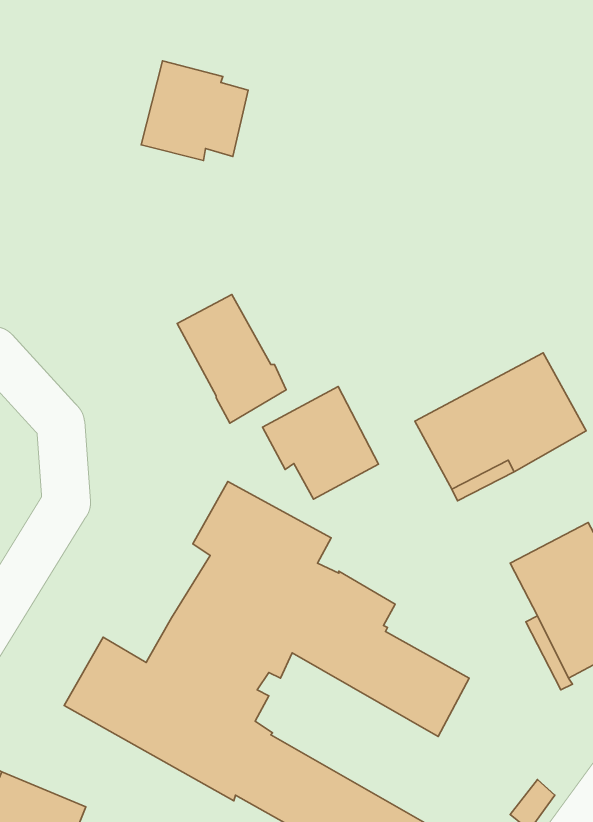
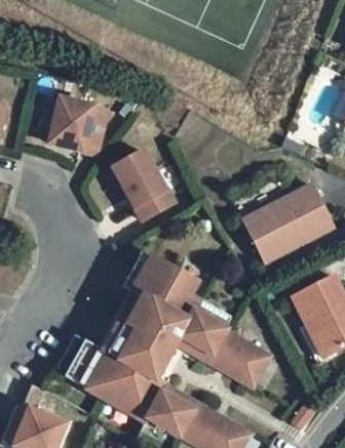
building: [141,61,248,160] -> [53,101,110,154]
building: [262,387,378,499] -> none

